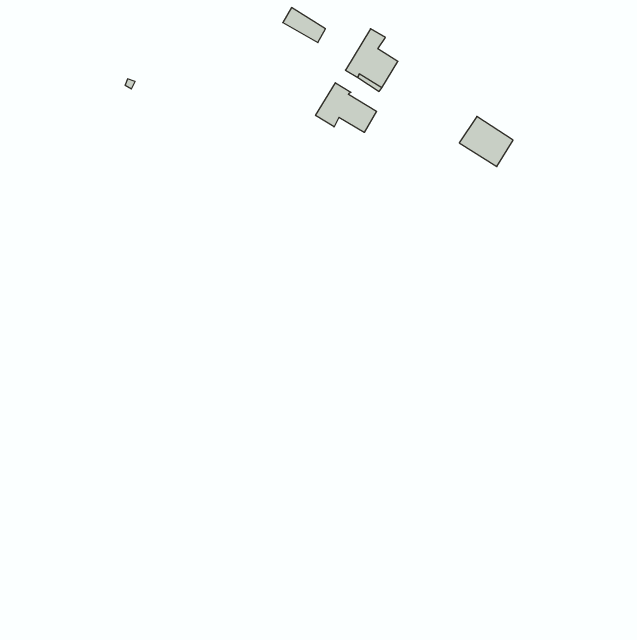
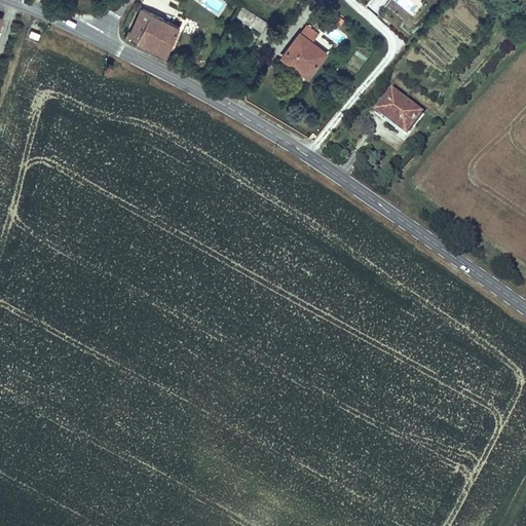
building: none -> [130,7,180,53]
building: [316,83,377,132] -> none

